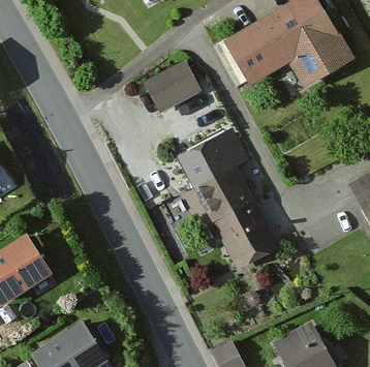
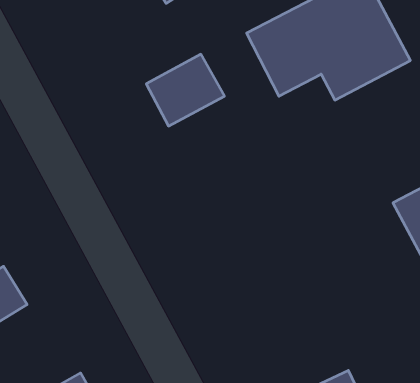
building: [176,139,269,258] -> none

